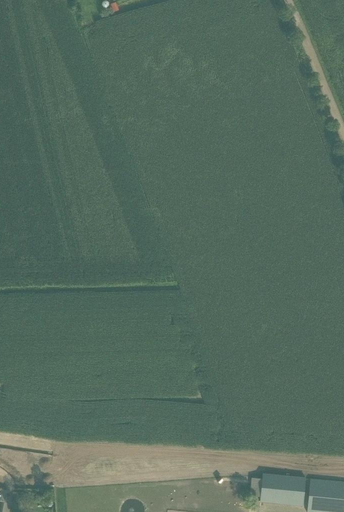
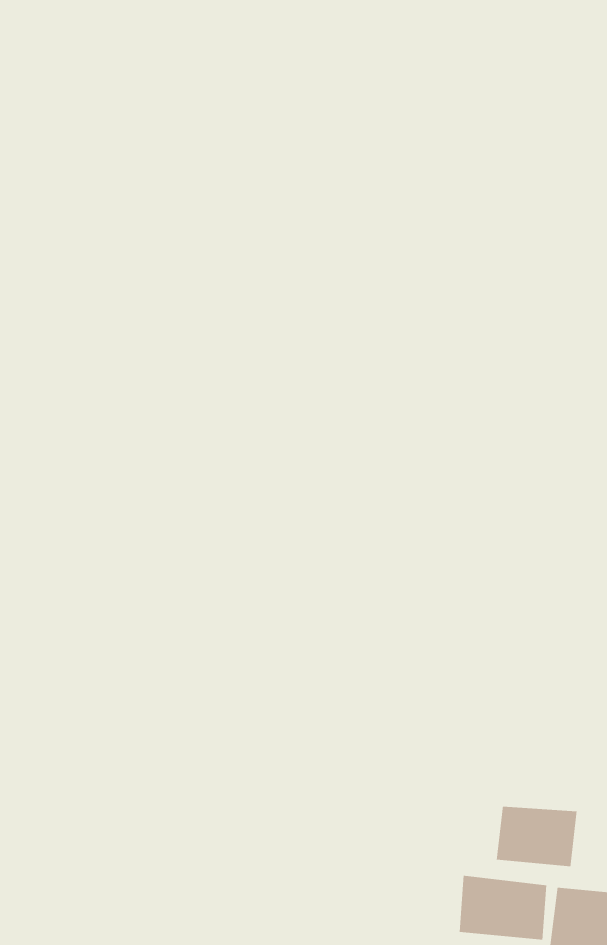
building: none -> [496,806,577,867]

